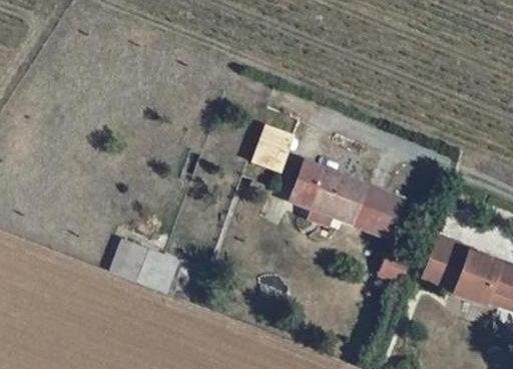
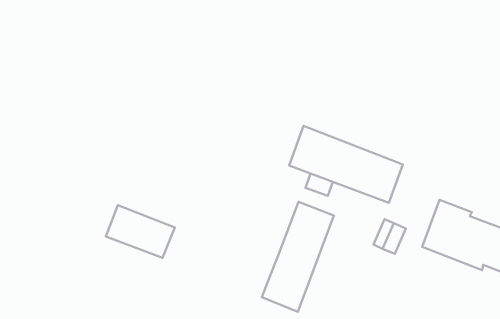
building: [251,124,293,169] -> none
building: none -> [262,202,334,312]

